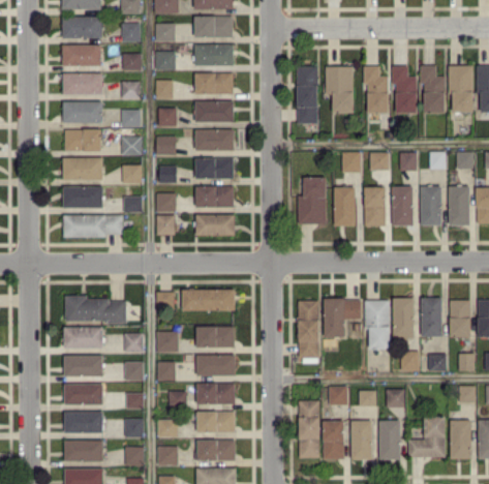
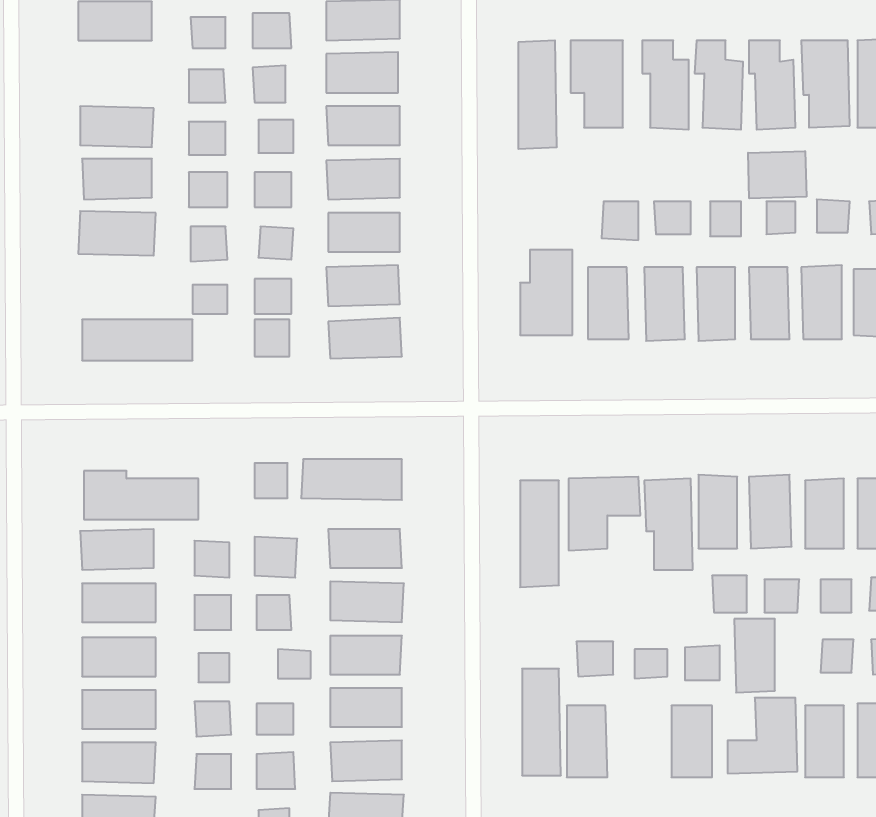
building: [62,72,102,93] -> none
building: none -> [748,151,806,198]
building: [63,185,103,207] -> none
building: [350,420,372,459] -> [734,619,775,693]

